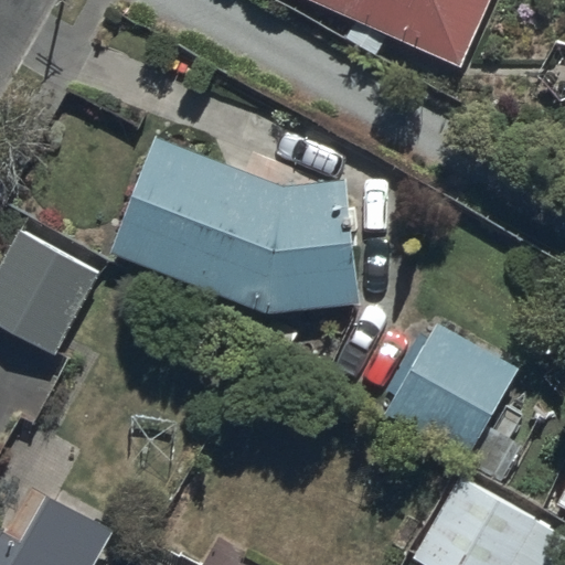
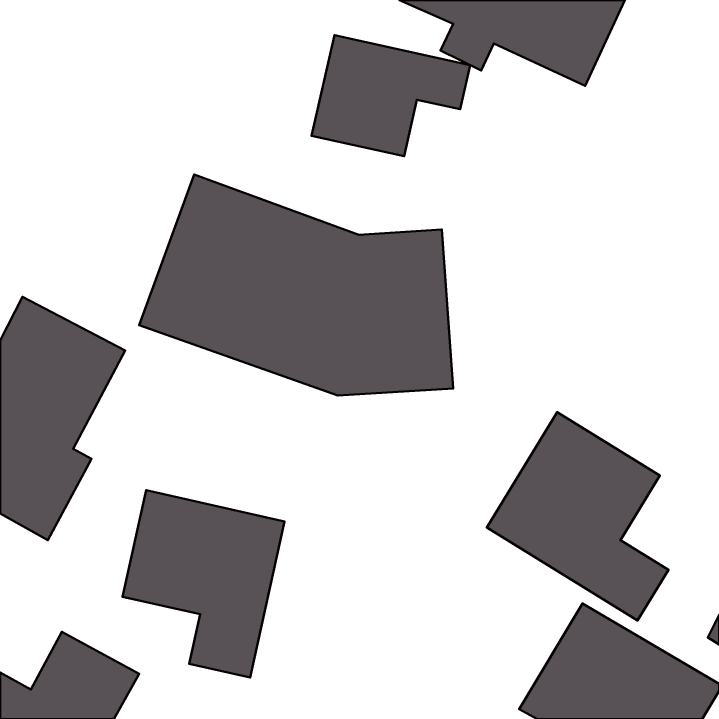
building: none -> [312,35,470,156]
building: none -> [122,490,285,678]

